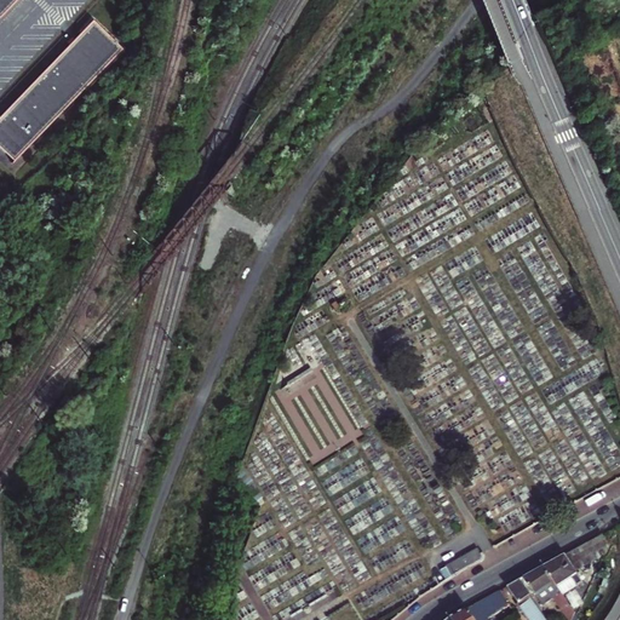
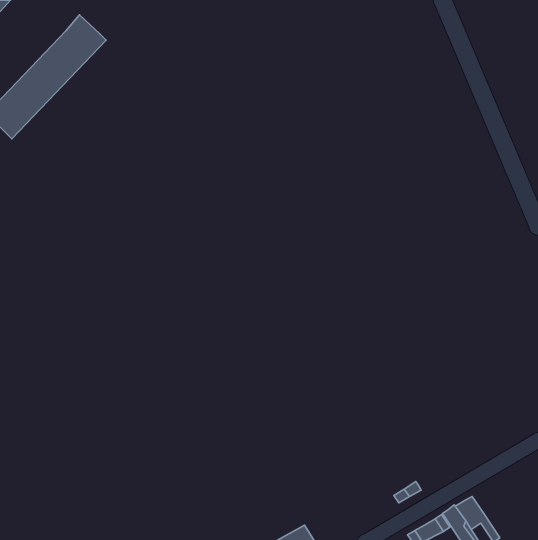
building: [539,534,603,589] -> none

